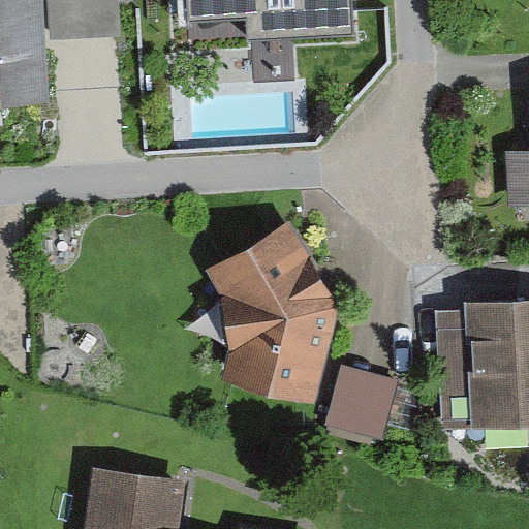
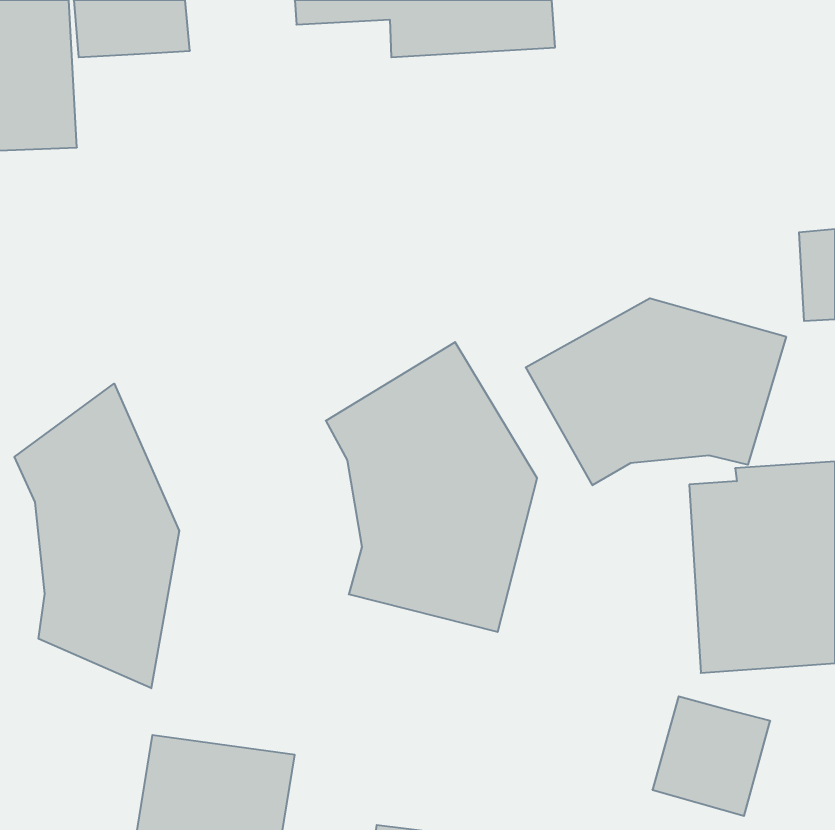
building: none -> [526,298,786,485]
building: none -> [14,384,179,688]
building: [324,366,399,441] -> [652,696,770,816]

